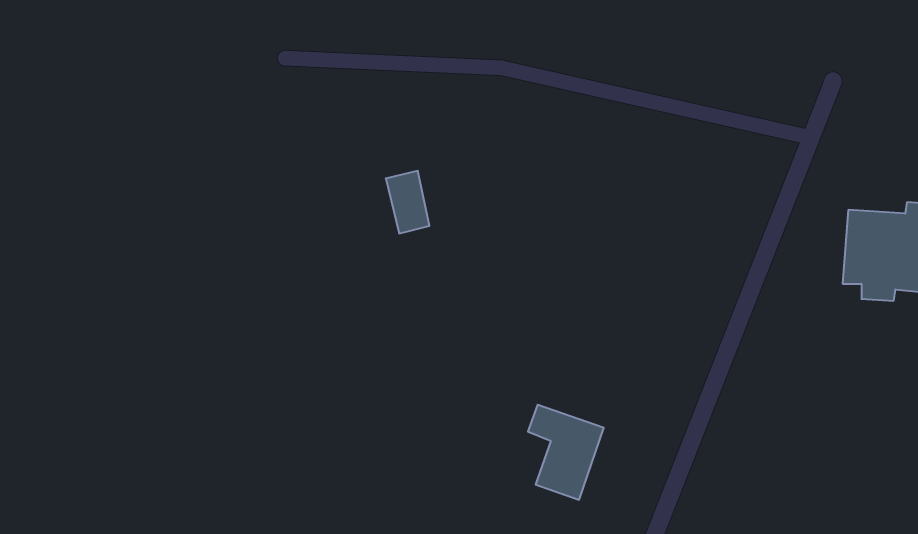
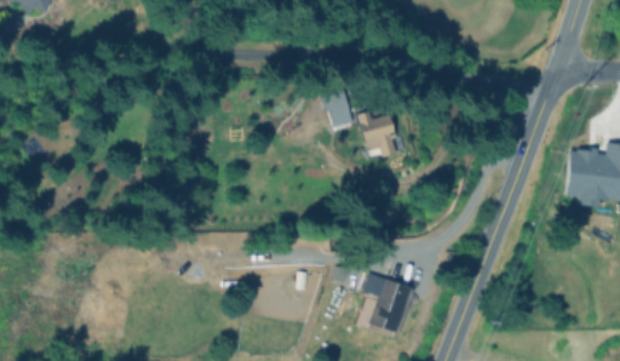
building: none -> [358,119,403,155]
building: [386,171,429,233] -> [322,90,350,130]

